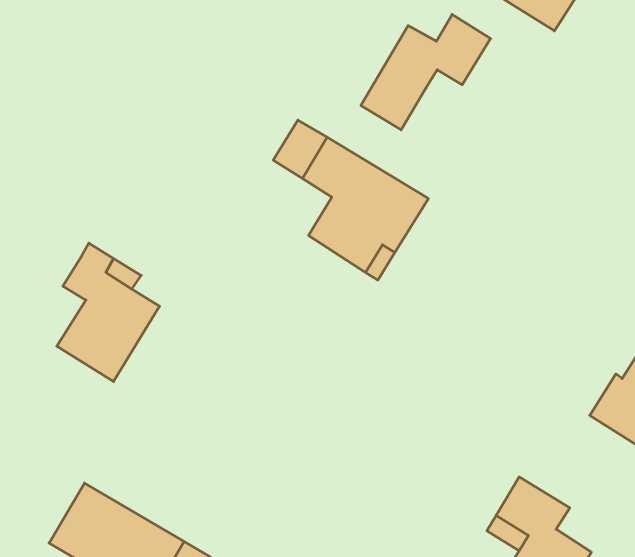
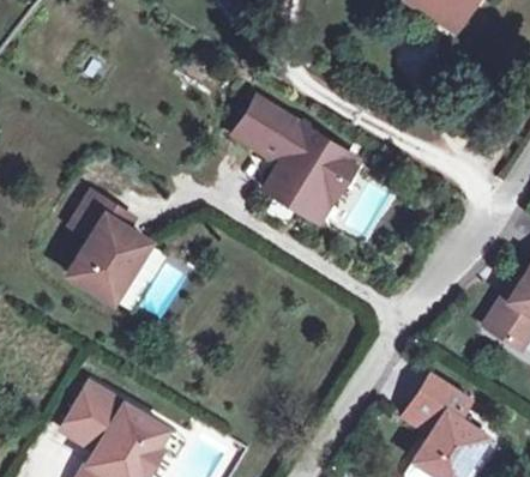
building: [361,14,491,130] -> none

